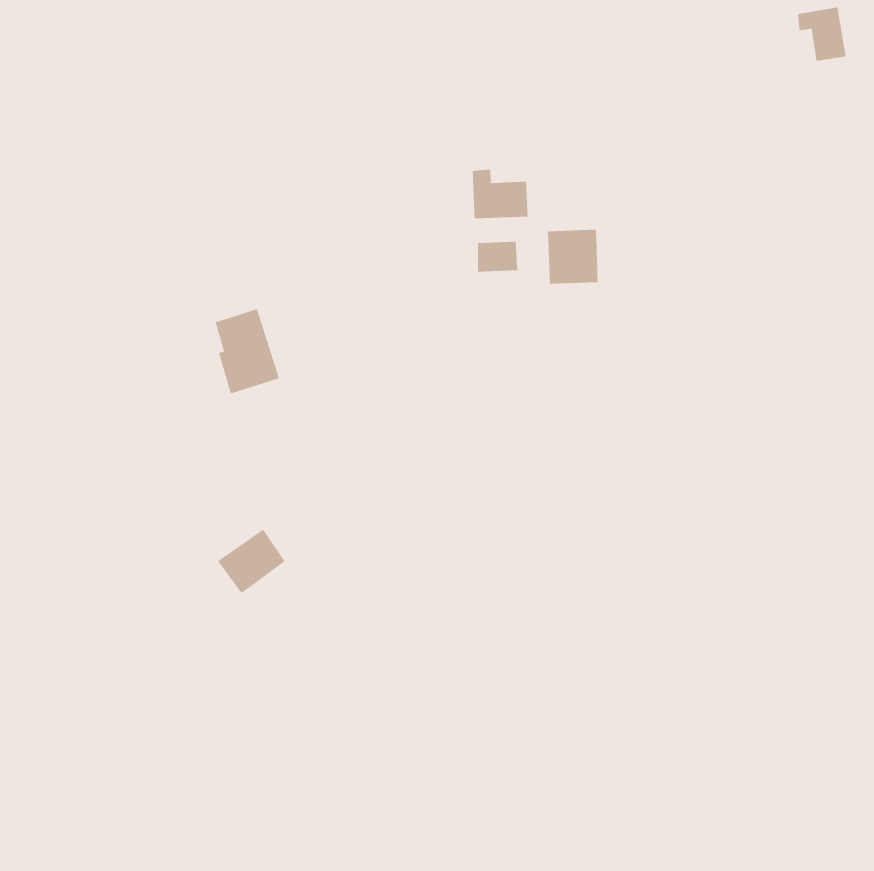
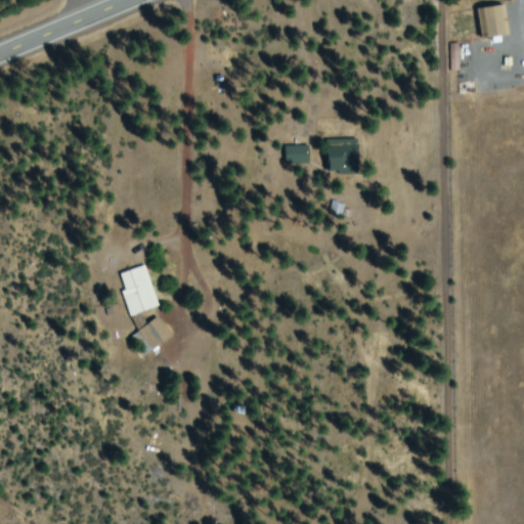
building: [472,168,528,219] -> none
building: [215,309,280,394] -> [120,264,159,315]

